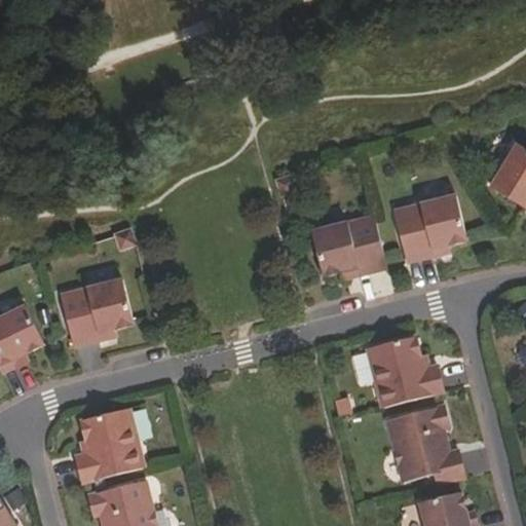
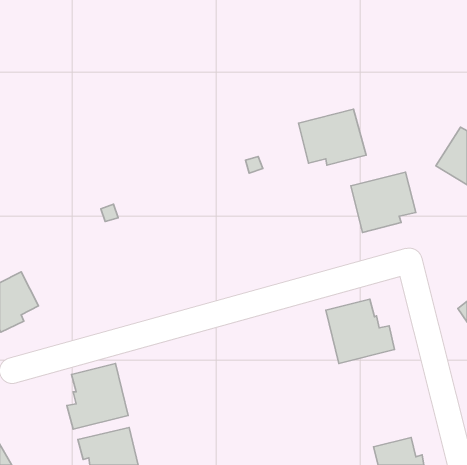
building: [311,215,387,277] -> [298,109,366,165]
building: [59,279,133,348] -> none
building: [386,405,465,485] -> none

